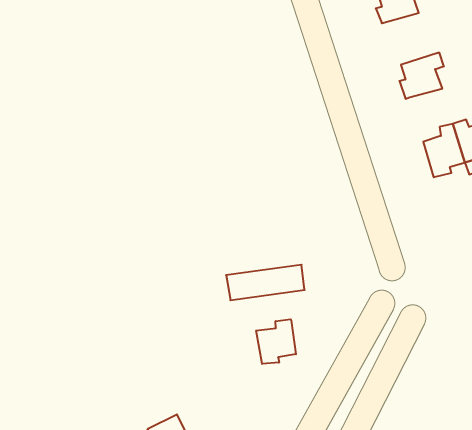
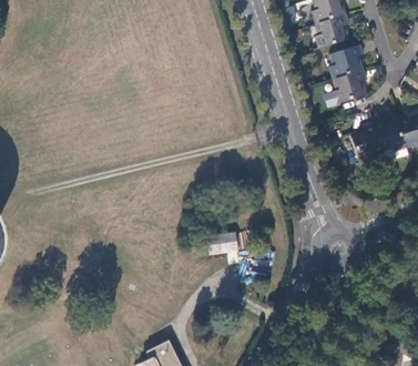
building: none -> [329,43,363,78]
building: [256,319,296,364] -> none

